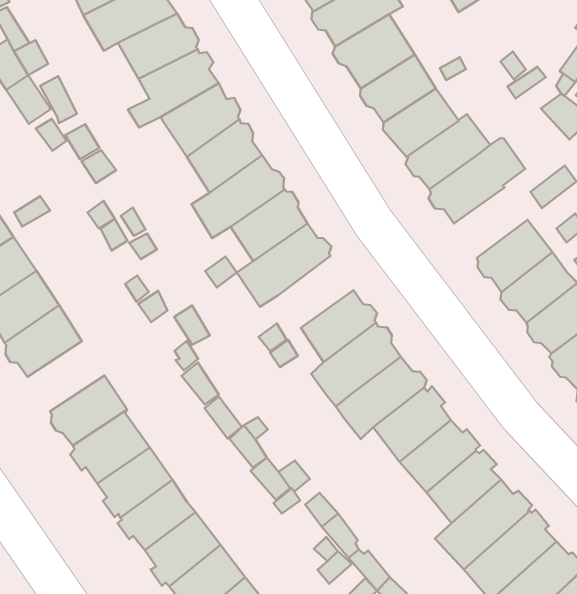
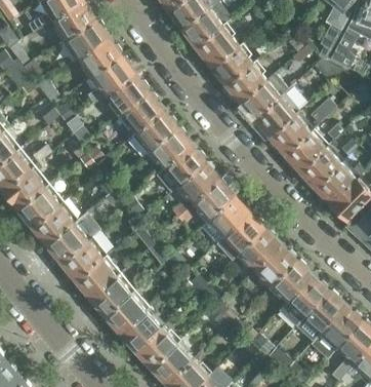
building: none -> [272,114,312,154]
building: none -> [179,161,220,202]
building: none -> [47,222,89,262]

